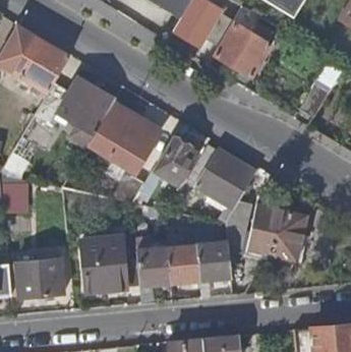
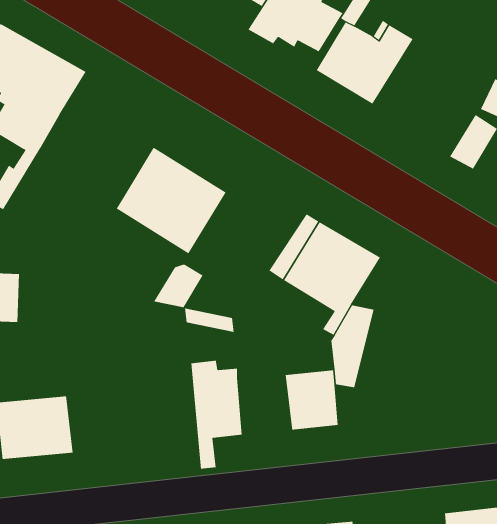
building: [43,76,115,133] -> none
building: [154,135,199,185] -> none
building: [244,206,306,261] -> none
building: [80,237,126,291] -> none
building: [166,245,199,283] -> none

